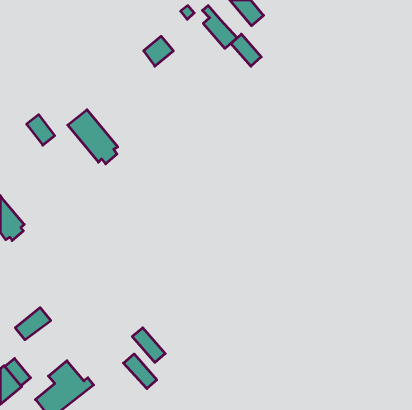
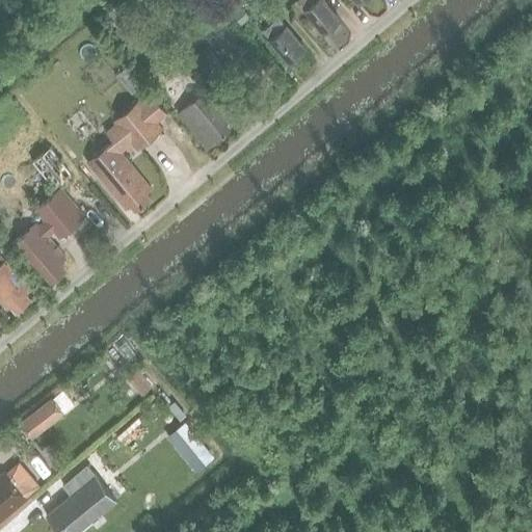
building: [231,34,261,66] -> none
building: none -> [183,92,231,152]
building: none -> [105,99,166,155]
building: none -> [10,192,84,285]
building: [123,354,157,389] -> none

